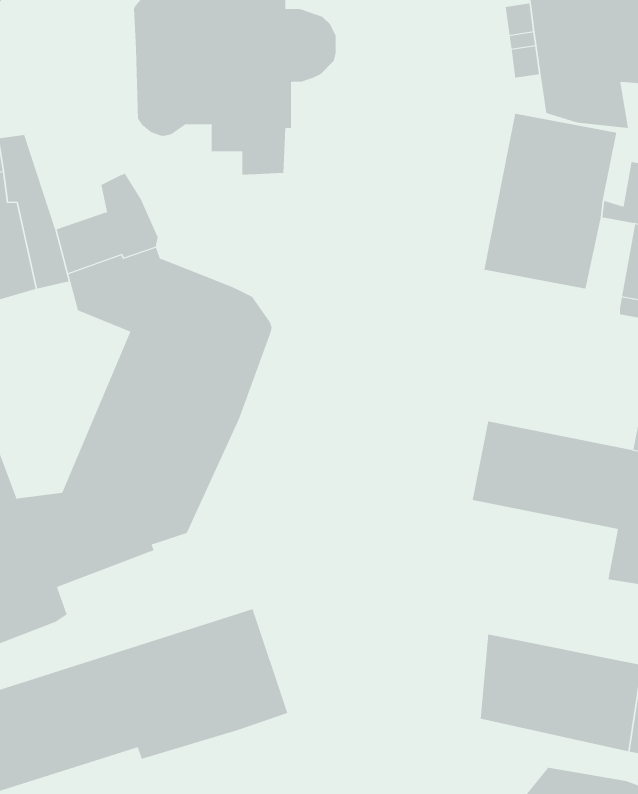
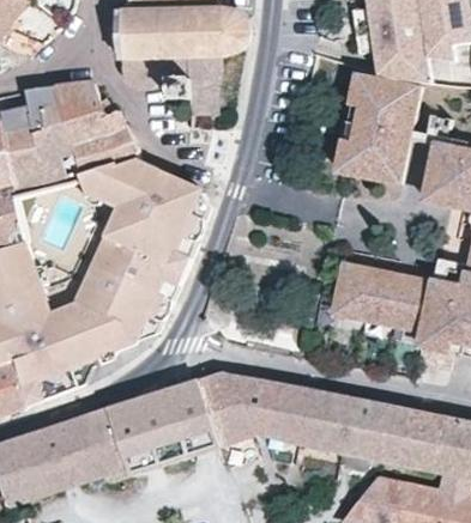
building: none -> [53,80,111,145]
building: none -> [194,373,339,448]

